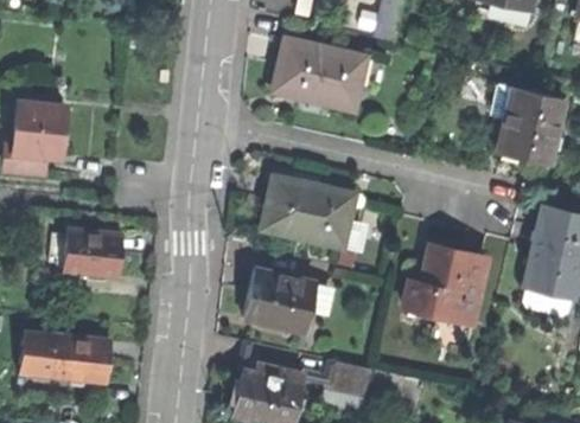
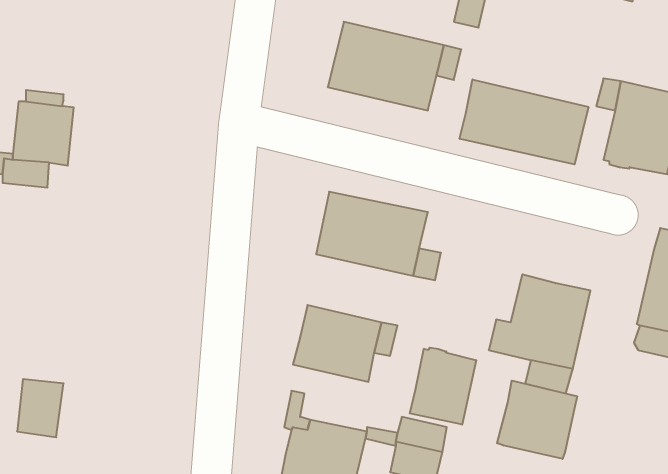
building: none -> [460,79,588,164]
building: [49,230,122,278] -> none
building: none -> [410,348,476,425]
building: none -> [497,381,577,459]
building: [51,333,111,383] -> none

